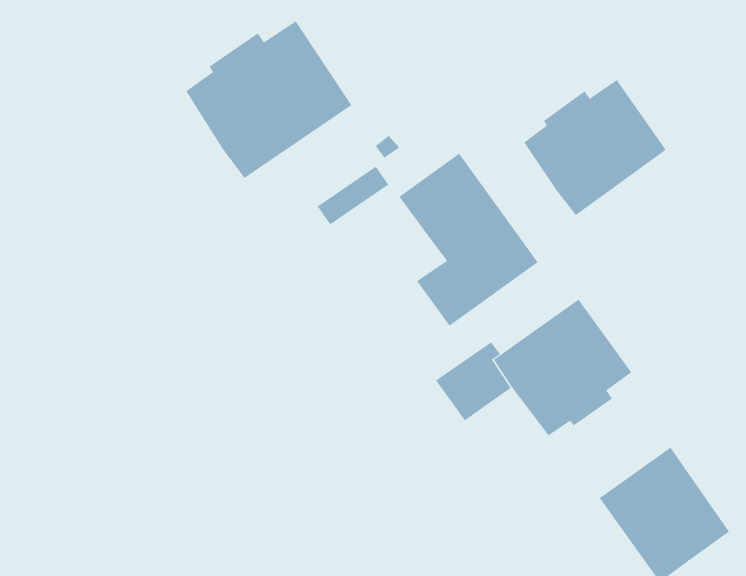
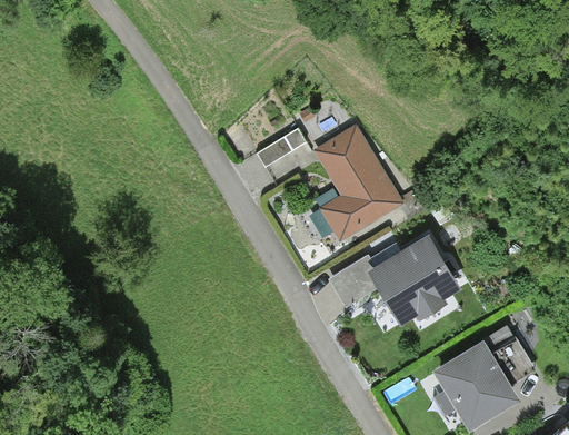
building: [186,20,352,179] -> none
building: [524,79,667,216] -> none

